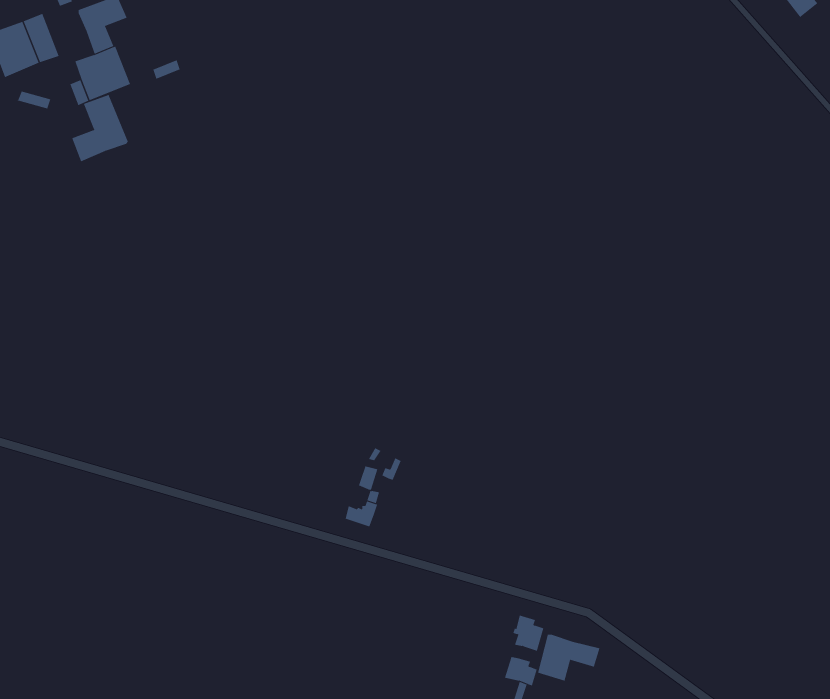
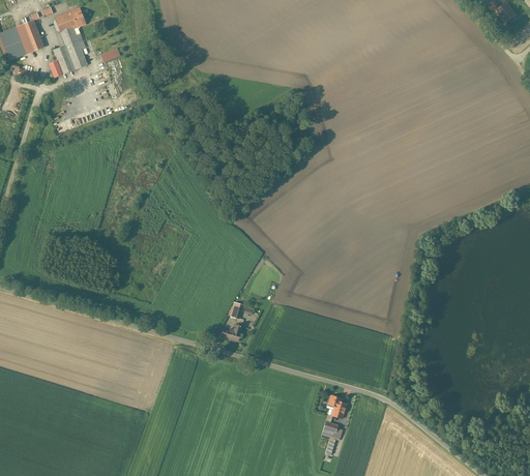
building: [72,94,129,162] -> none
building: [537,634,600,682] -> none

